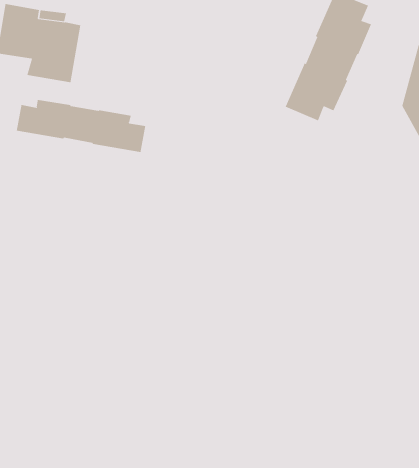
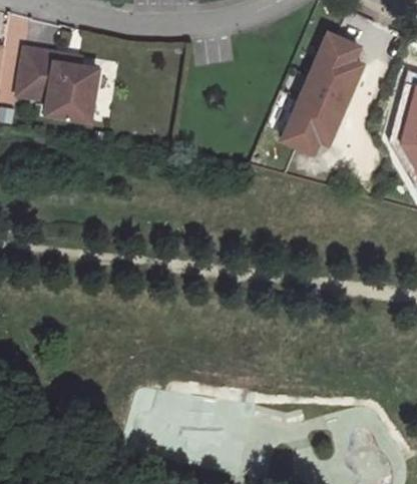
building: [16,99,146,153] -> none

